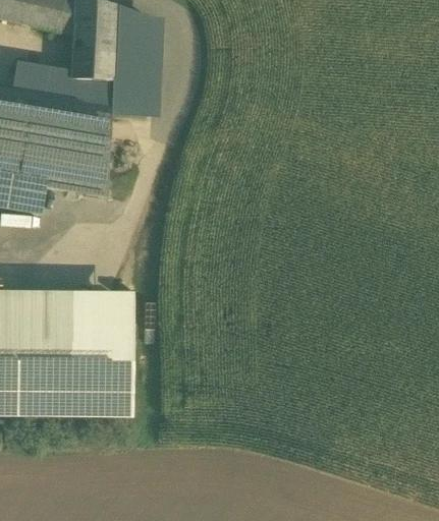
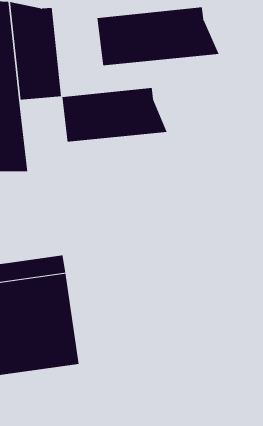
building: none -> [97,7,220,66]
building: none -> [62,87,168,142]

